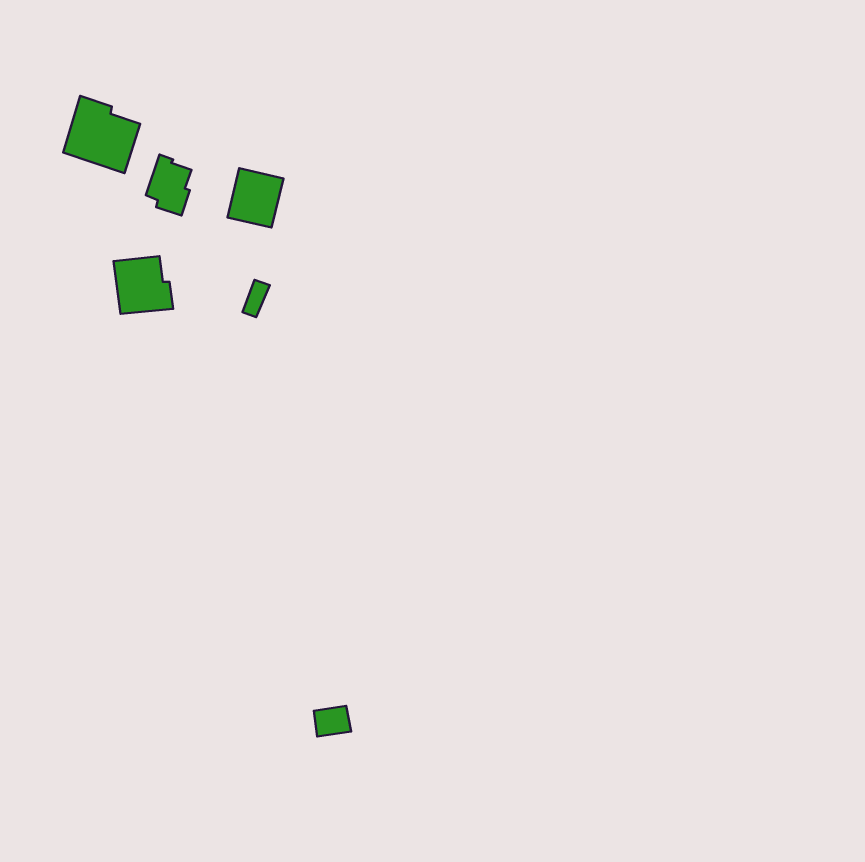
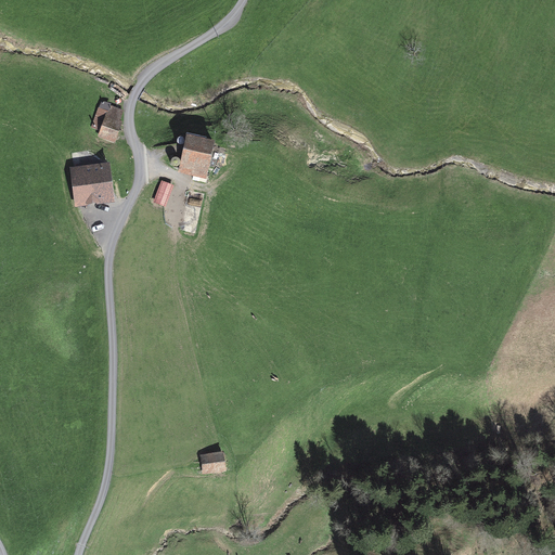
building: [63,96,140,173] -> none
building: [227,168,283,228] -> [178,135,214,173]

